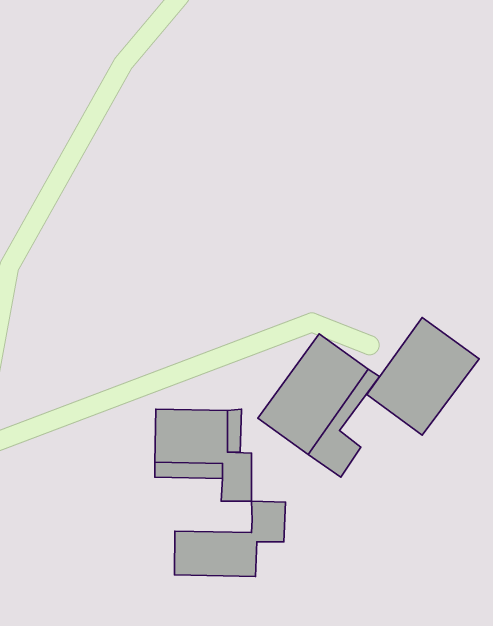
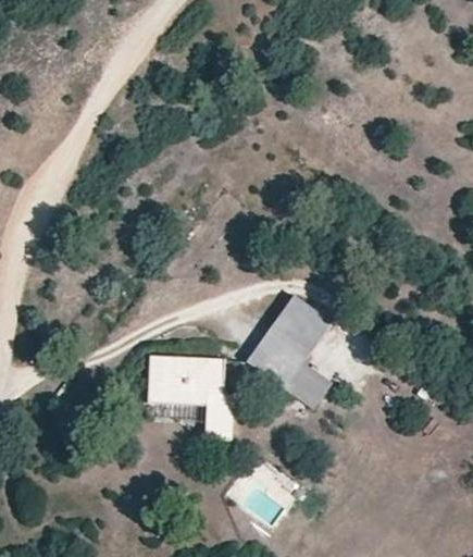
building: [367,317,479,435] -> none
building: [174,501,286,576] -> none

